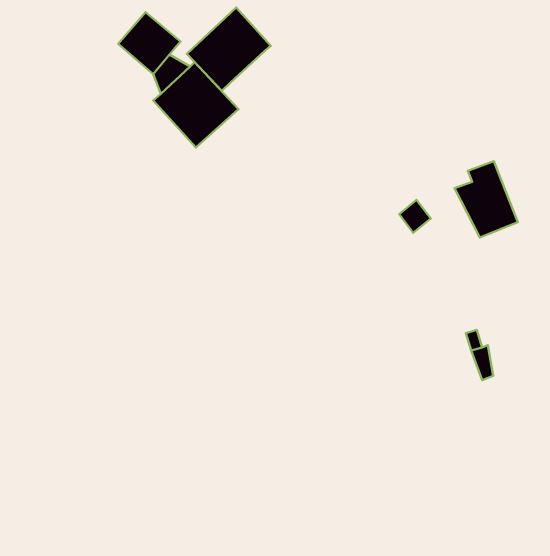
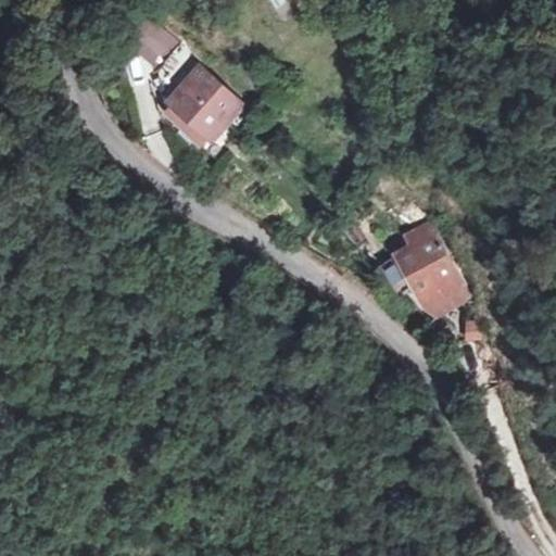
building: [187,8,271,91] -> none
building: [455,161,518,237] -> [402,240,465,316]

